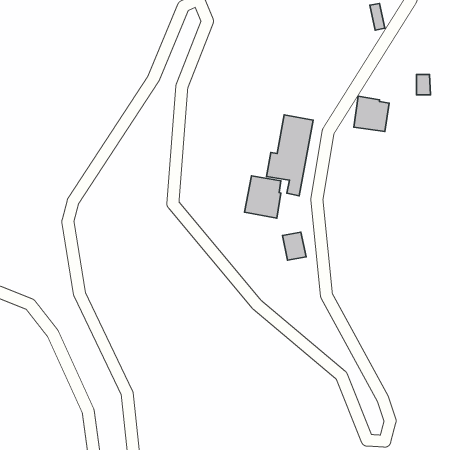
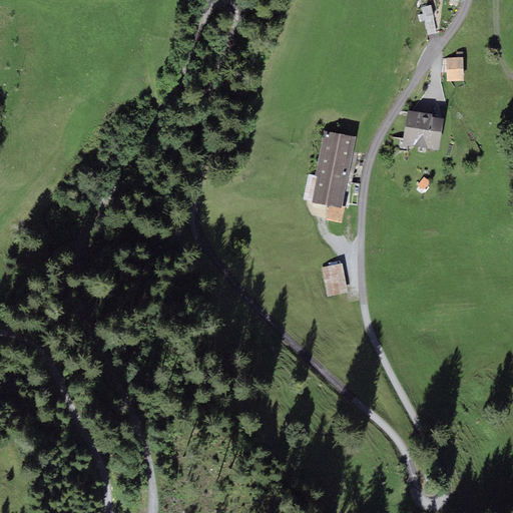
building: [416,74,431,95] -> [446,57,462,80]
building: [245,176,281,218] -> none

